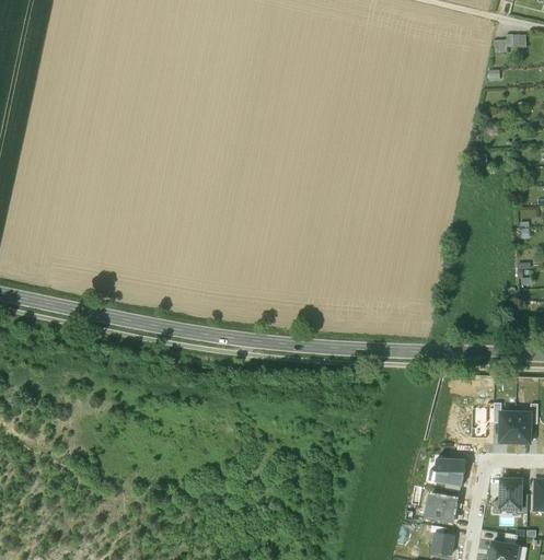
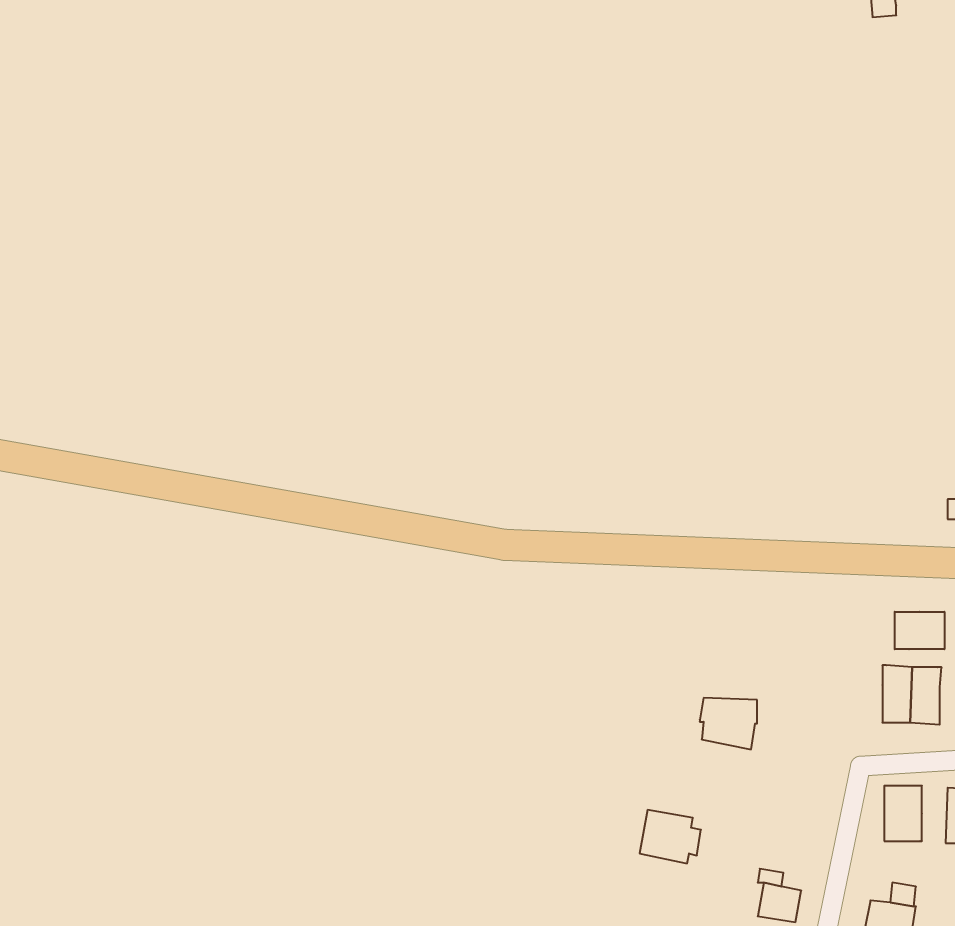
building: none -> [895,612,944,649]
building: [433,458,465,487] -> [700,698,757,749]
building: [426,493,460,523] -> [640,810,701,863]

